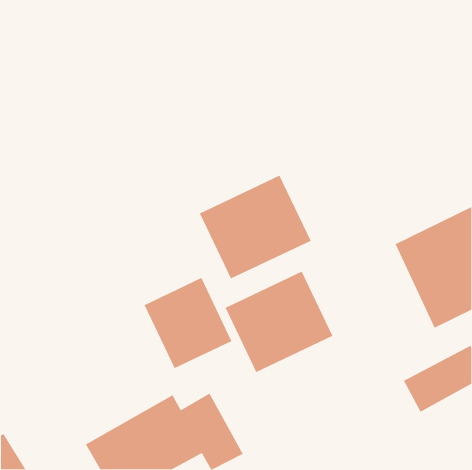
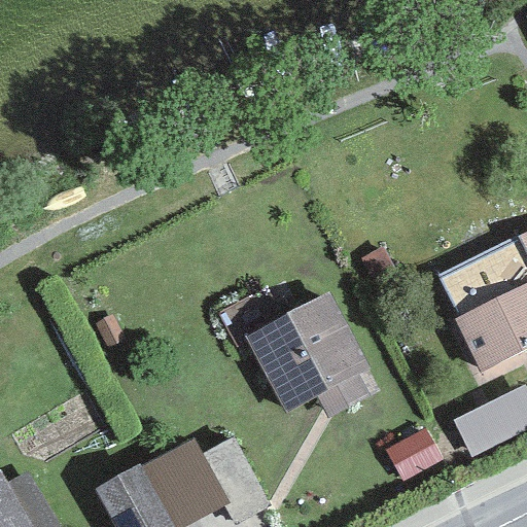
building: [199,175,312,280] -> none
building: [143,277,233,369] -> none

